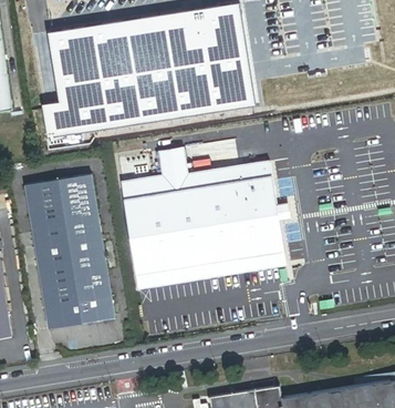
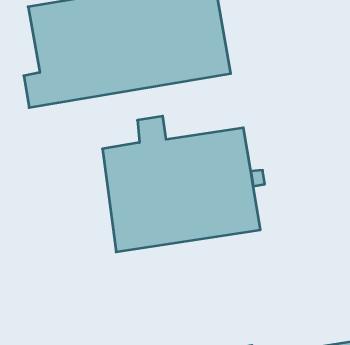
building: [23,173,115,329] -> none

